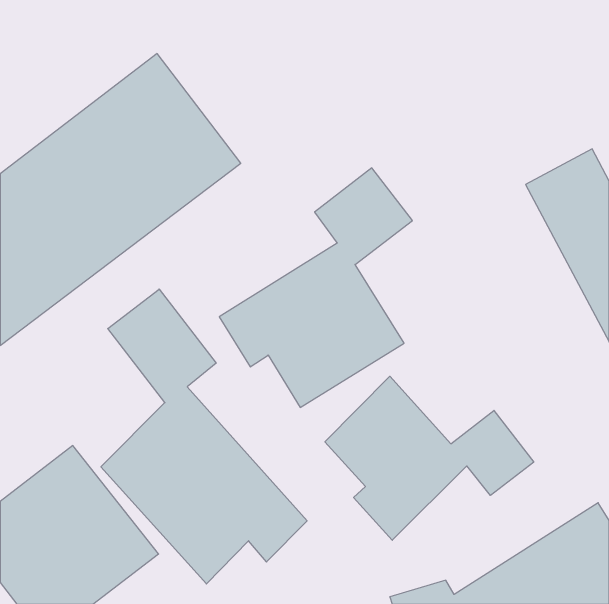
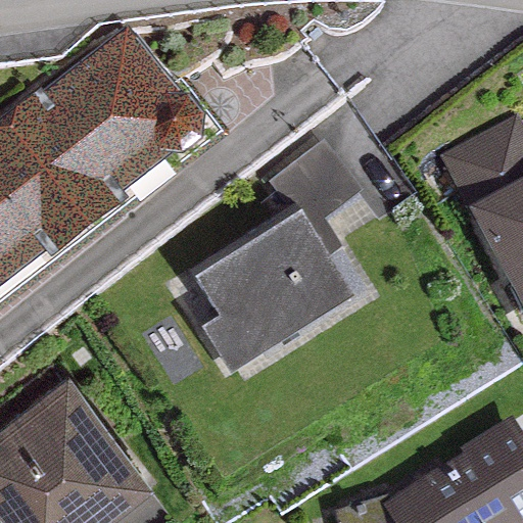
building: [101,289,307,584] -> none
building: [325,376,534,540] -> none

